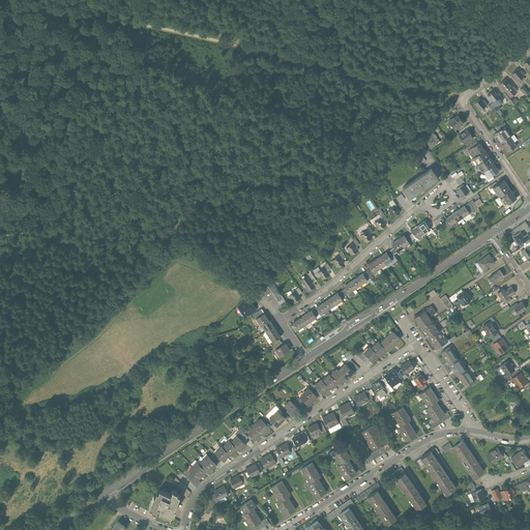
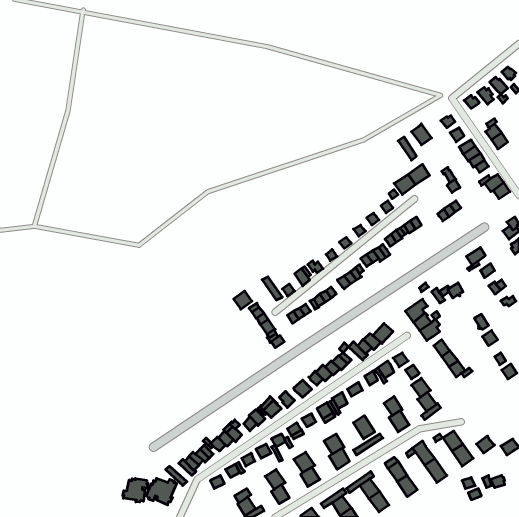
building: none -> [123,478,148,502]

